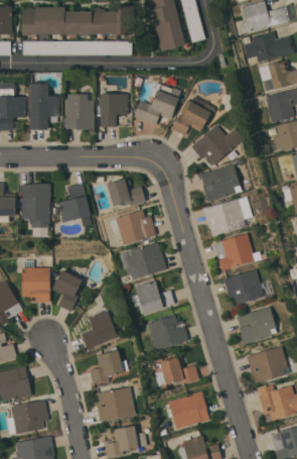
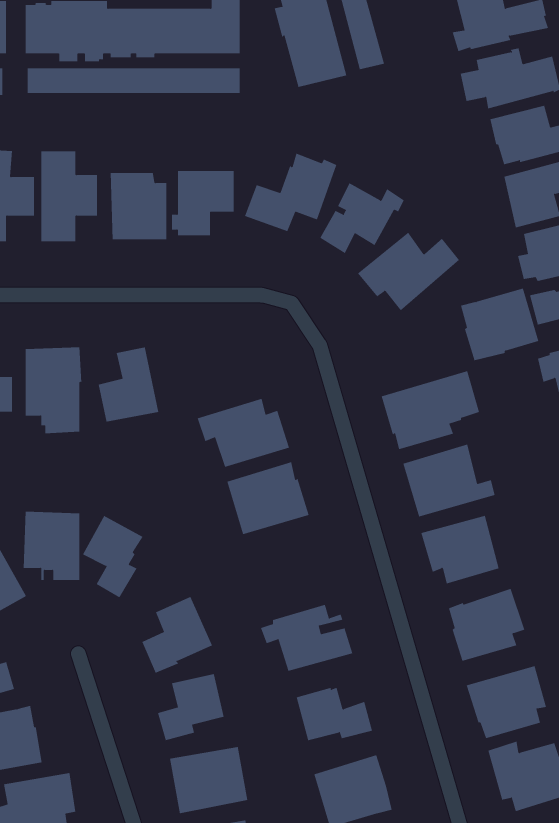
building: [200,164,241,202] -> [460,288,539,361]
building: [107,179,145,207] -> none
building: [131,281,174,314] -> none

